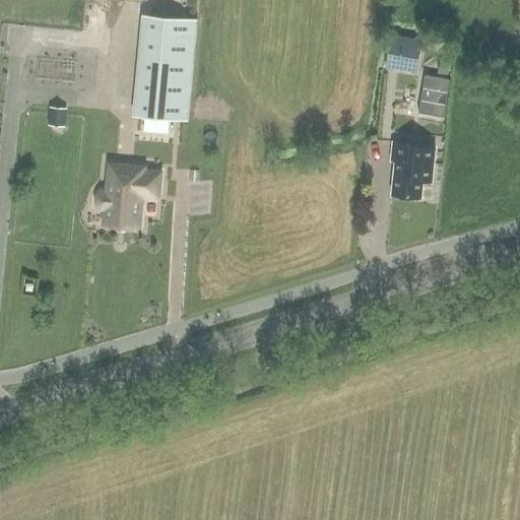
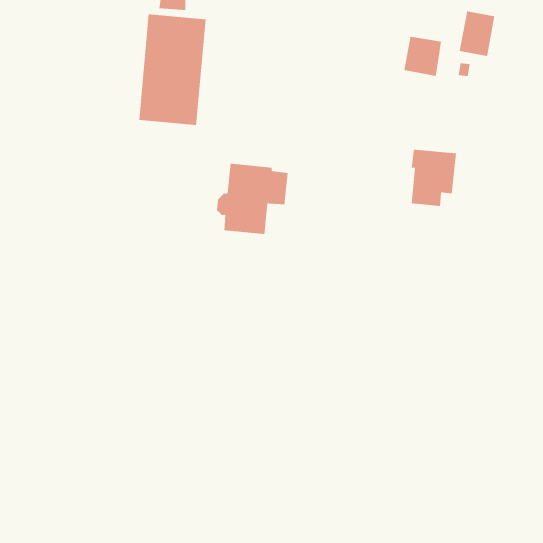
building: [417,73,452,117] -> [459,11,495,56]
building: [94,161,164,230] -> [216,163,288,235]

